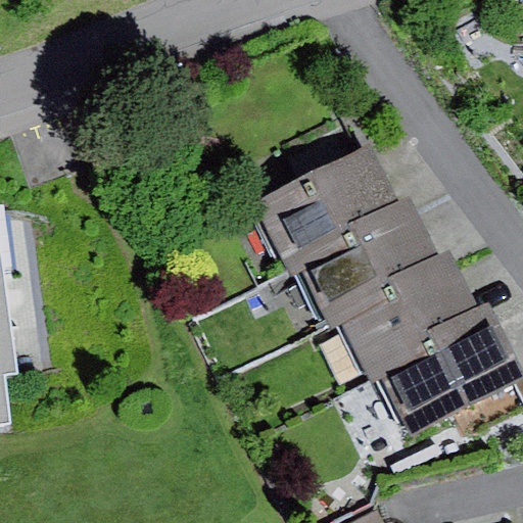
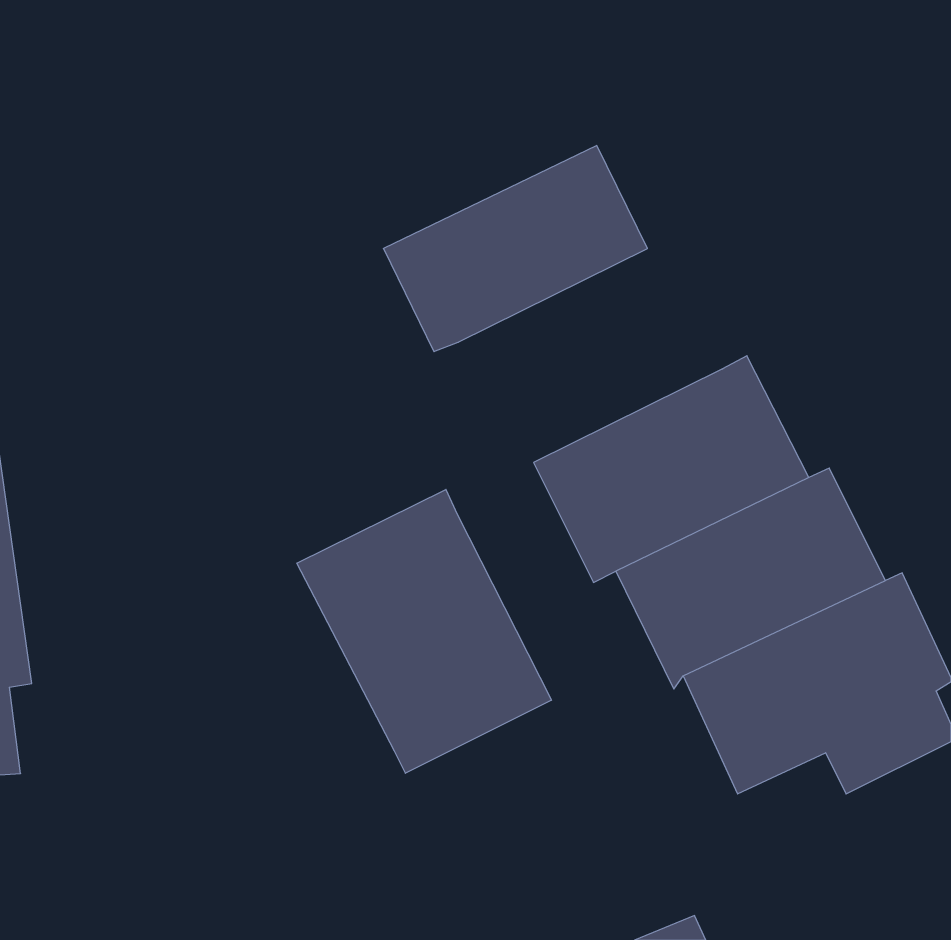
building: [250,145,394,257] -> [383,146,647,352]
building: none -> [297,489,551,773]

